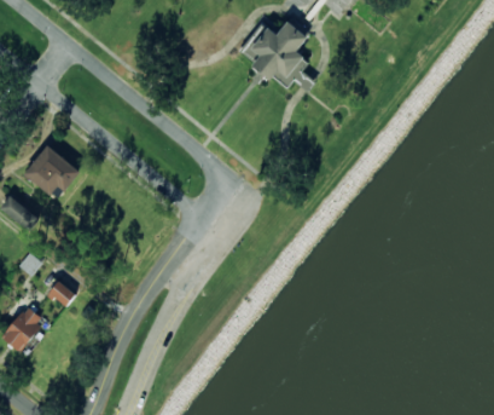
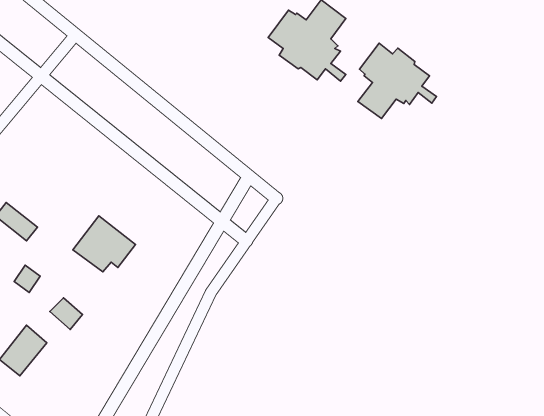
building: none -> [358,43,437,118]
building: [23,145,79,195] -> [73,216,136,272]

